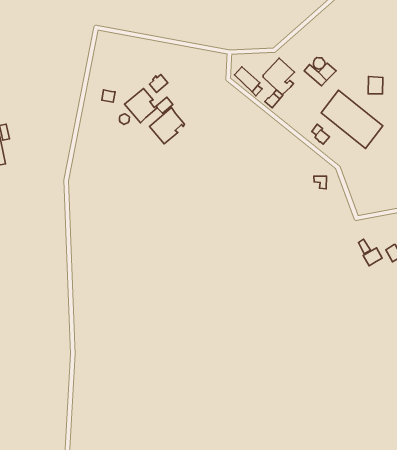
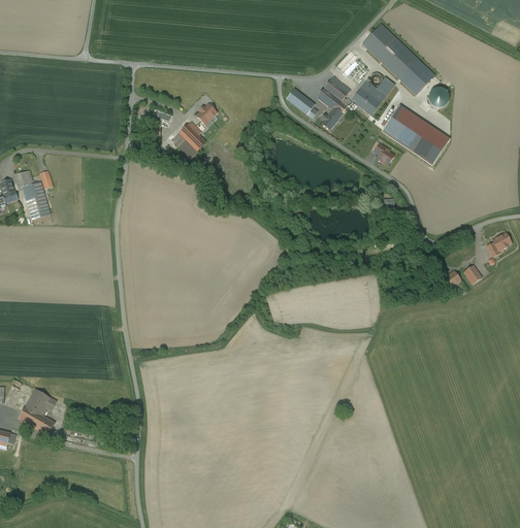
building: none -> [361,24,433,94]
building: none -> [351,88,380,114]
building: [149,108,185,144] -> none

